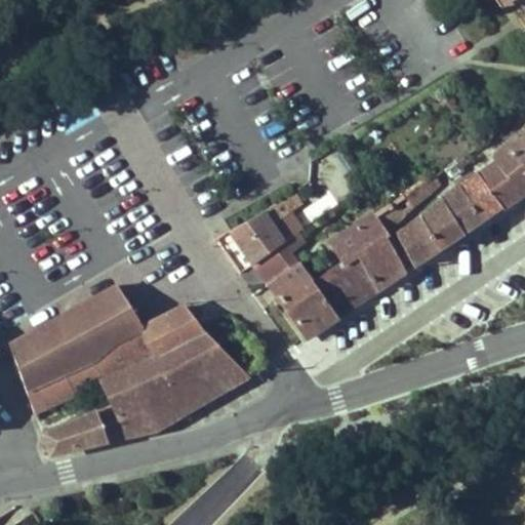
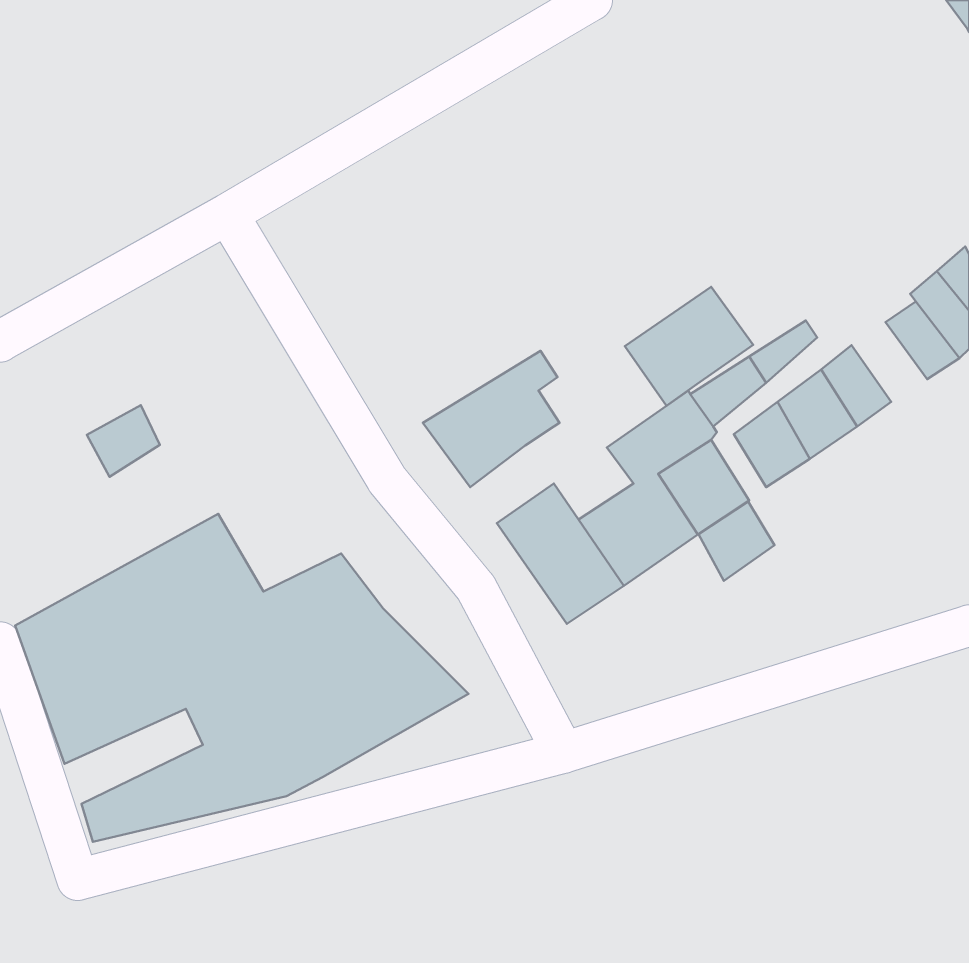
building: none -> [625,287,753,406]
building: [460,177,501,220] -> none
building: none -> [87,405,160,477]
building: [254,234,308,286] -> none
building: none -> [699,502,775,581]

